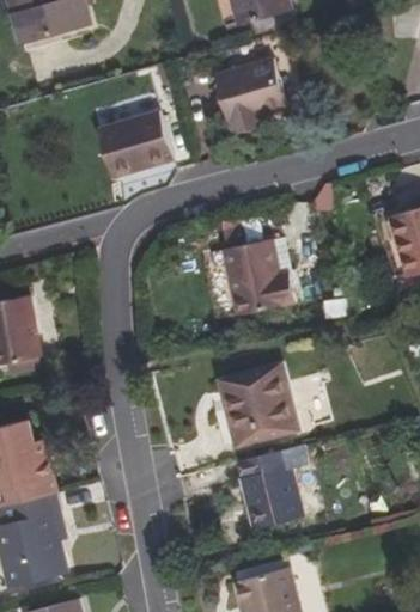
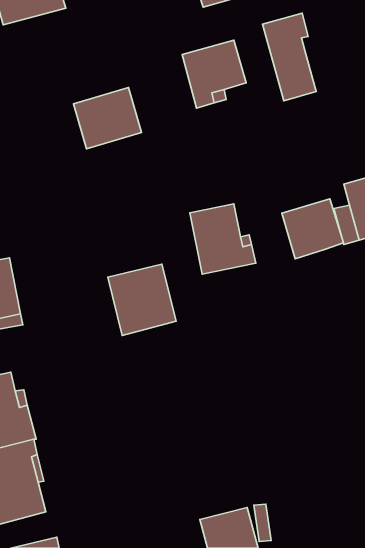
building: none -> [262,13,316,101]
building: none -> [282,199,343,259]
building: [220,366,294,443] -> [108,264,176,336]
building: [239,445,304,528] -> none

